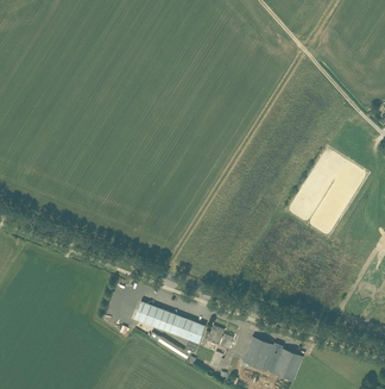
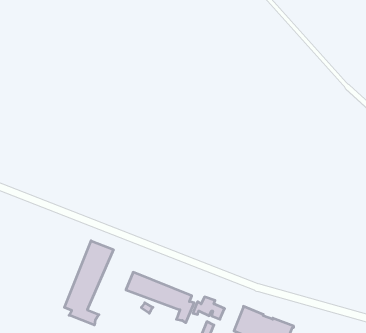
building: none -> [64,241,113,325]

